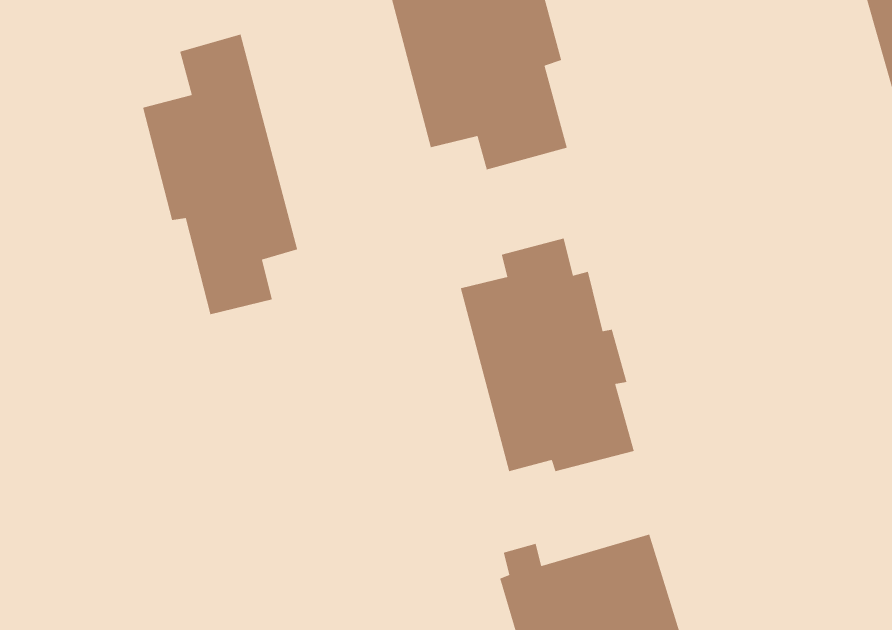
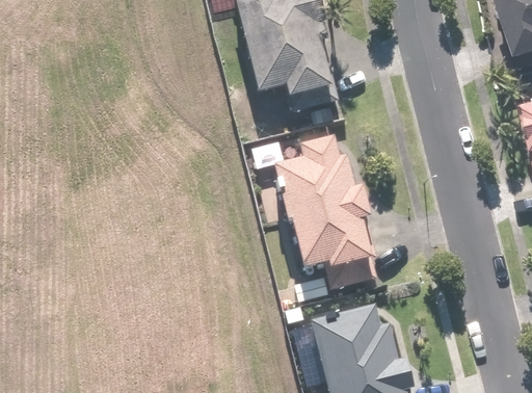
building: [142,34,298,315] -> none

